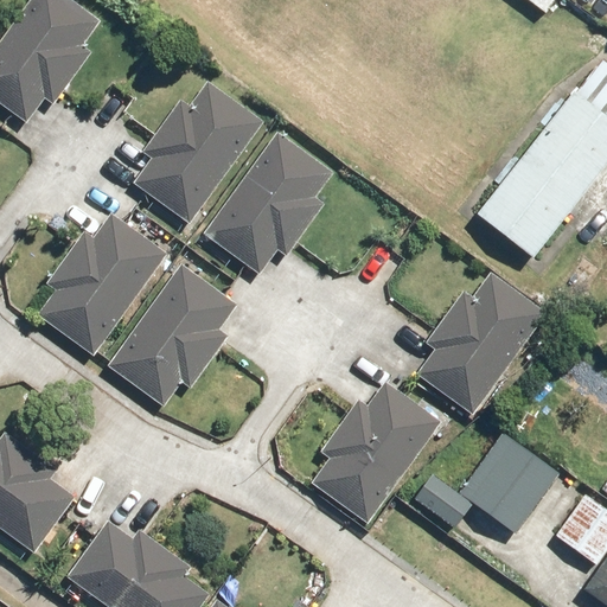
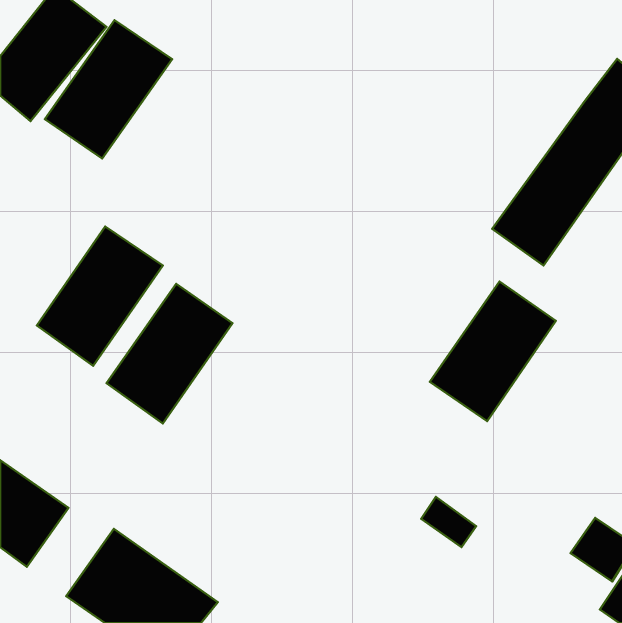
building: [136,83,260,217] -> [45,20,172,158]
building: [206,135,328,269] -> none
building: [308,389,432,524] -> none
building: [462,433,560,532] -> none

